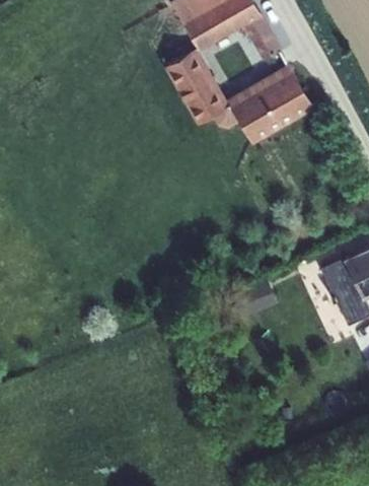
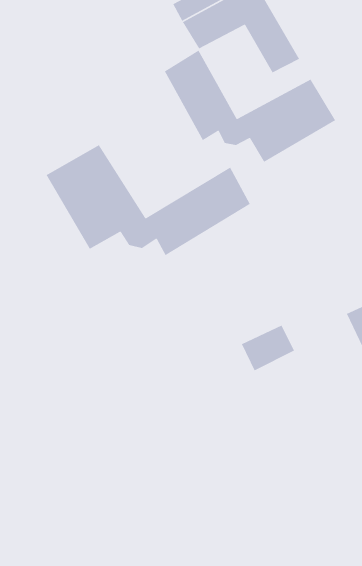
building: none -> [46,144,251,256]

